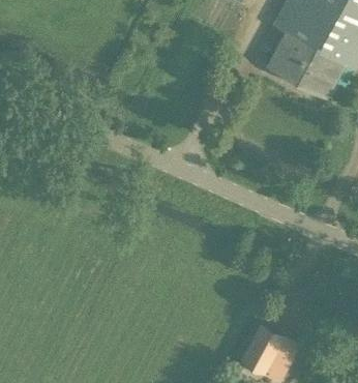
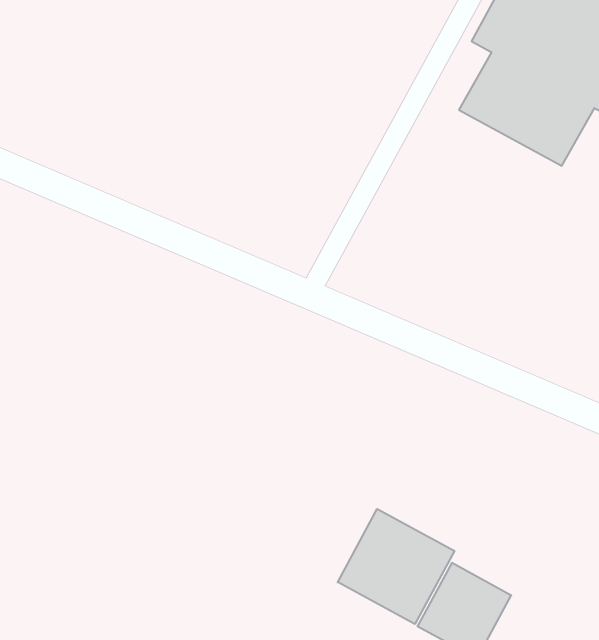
building: none -> [338,509,454,624]

